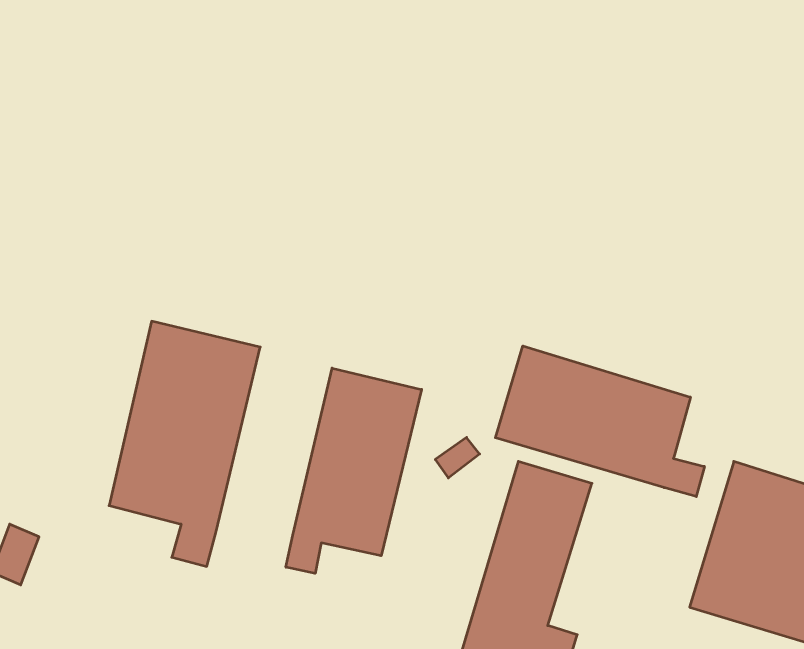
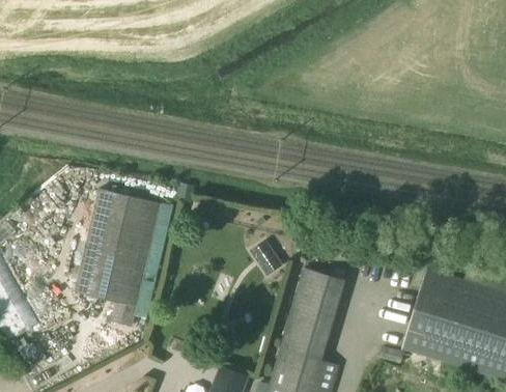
building: [495,346,704,497] -> none
building: [286,368,422,573] -> none

